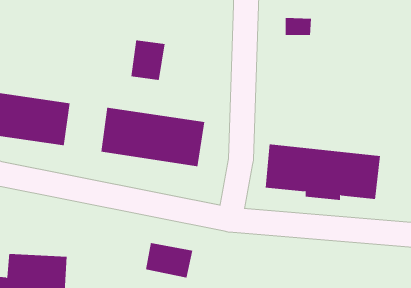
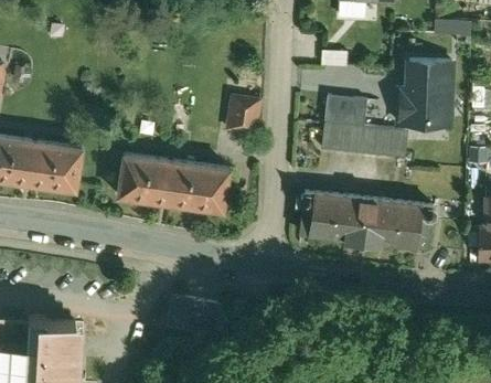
building: none -> [397,62,452,130]
building: [130,40,165,81] -> [225,93,264,138]
building: none -> [322,99,408,162]

